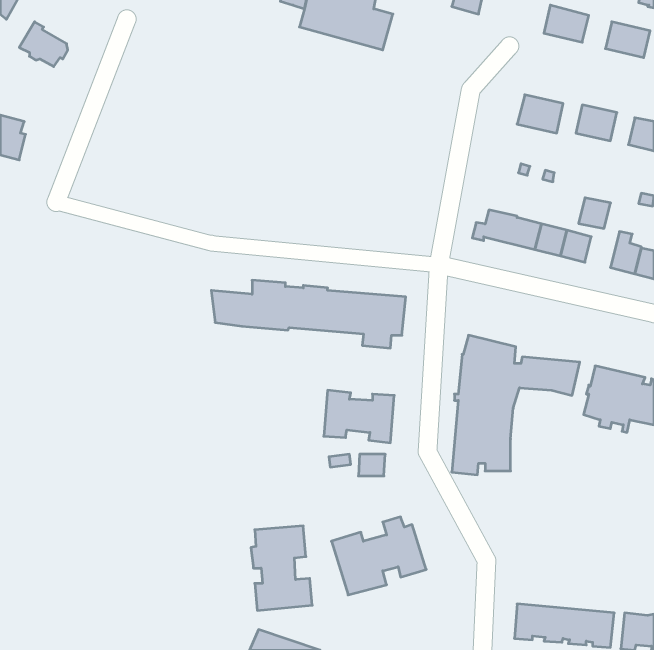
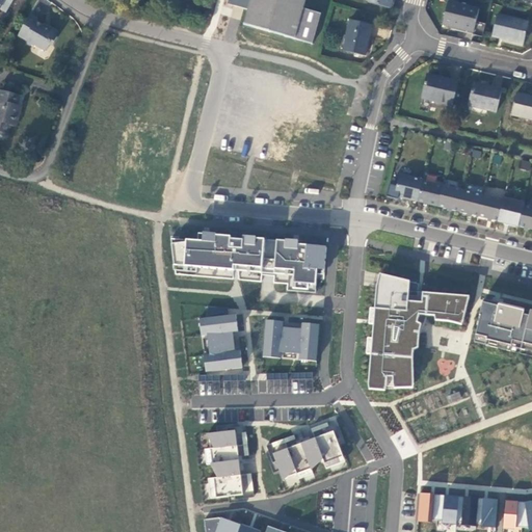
building: none -> [342,23,371,58]
building: [579,198,611,228] -> [475,192,501,217]
building: none -> [200,311,243,370]

